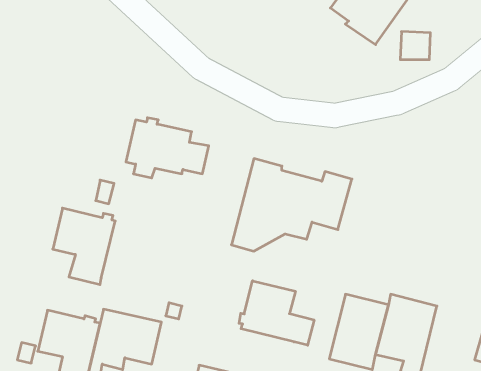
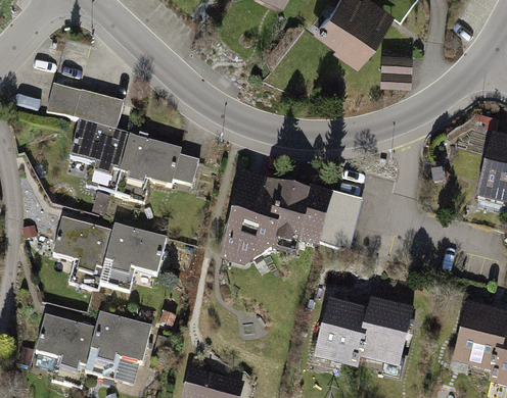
building: none -> [47,82,130,178]
building: none -> [322,189,359,243]
building: none -> [97,221,168,290]
building: [239,281,314,345] -> none

